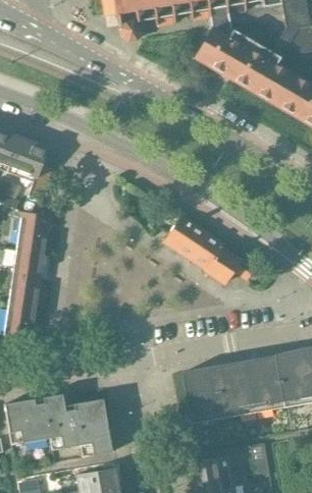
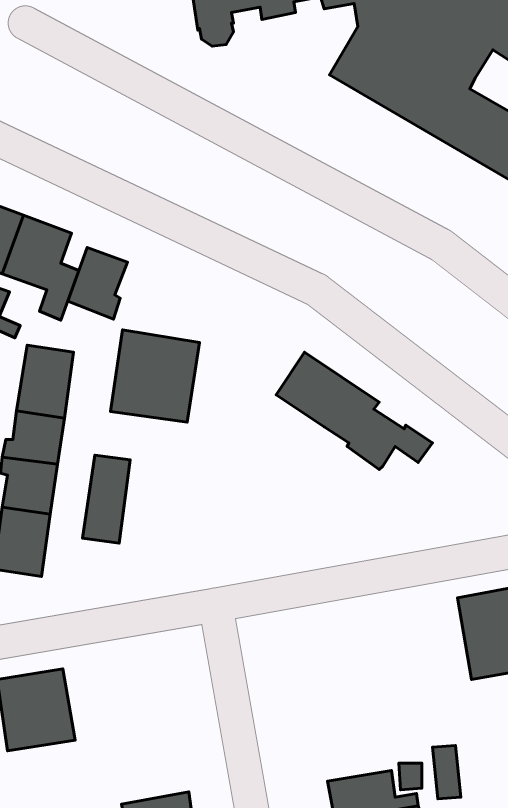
building: none -> [68,247,127,319]
building: none -> [110,330,199,422]
building: none -> [83,455,130,543]
building: [186,358,277,419] -> none
building: [43,395,112,457] -> none

